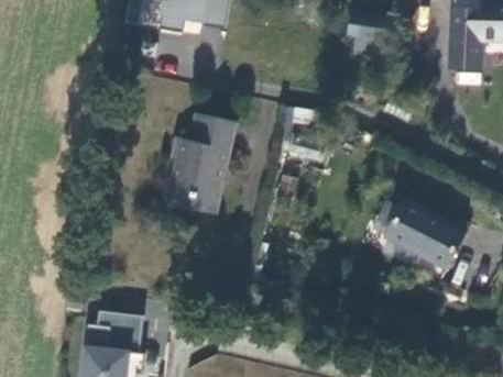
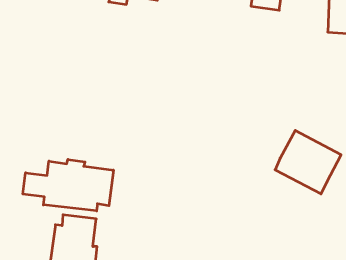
building: [167,114,234,215] -> none
building: none -> [23,159,113,211]

